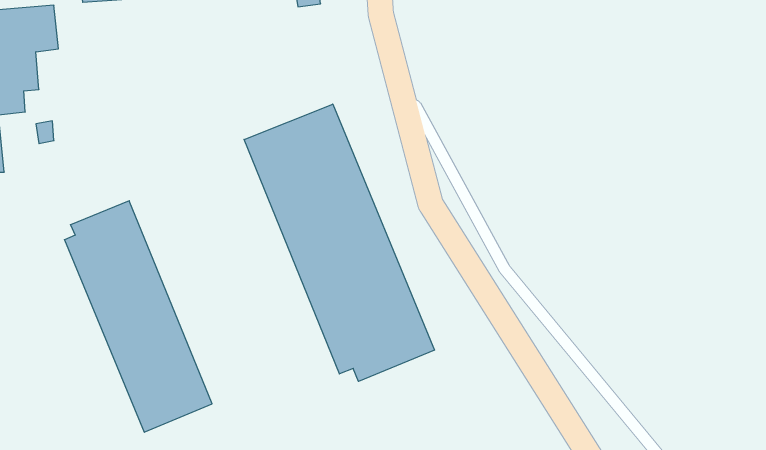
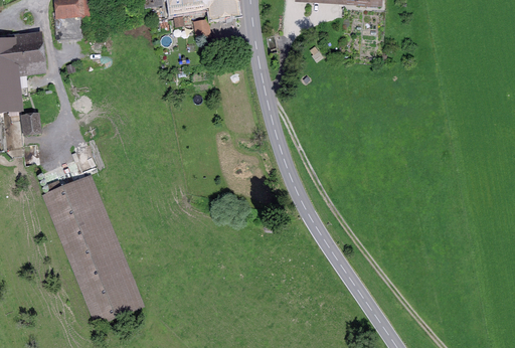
building: [244,104,435,381] -> none

